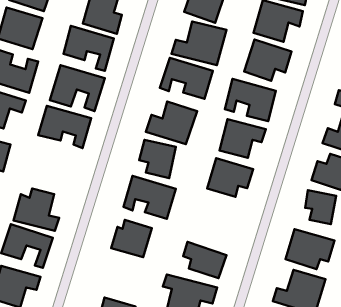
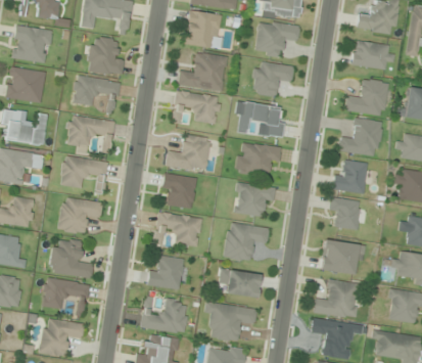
building: none -> [58,197,103,234]
building: none -> [224,223,270,262]
building: none -> [142,298,189,333]

